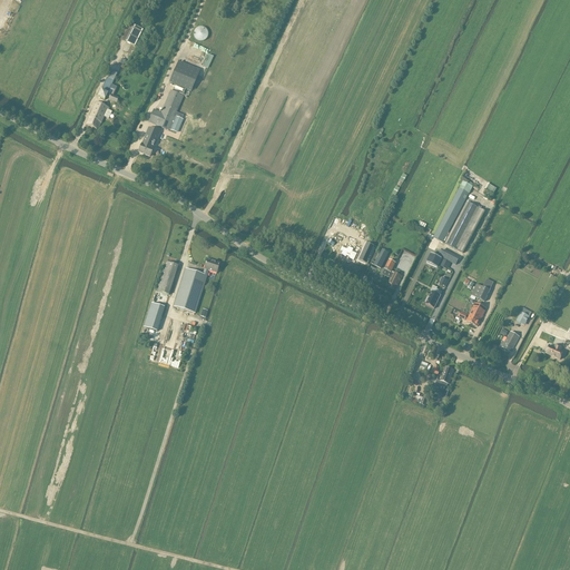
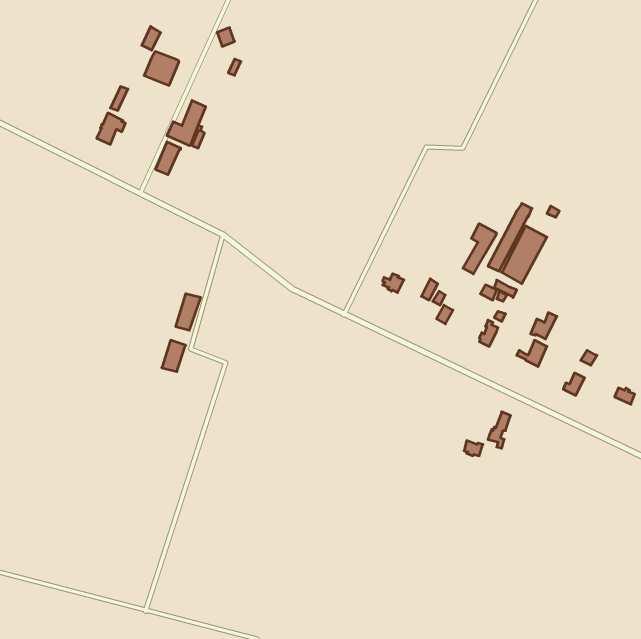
building: [168,59,199,89] -> [144,52,179,85]
building: none -> [463,224,496,274]
building: [174,258,219,312] -> none

